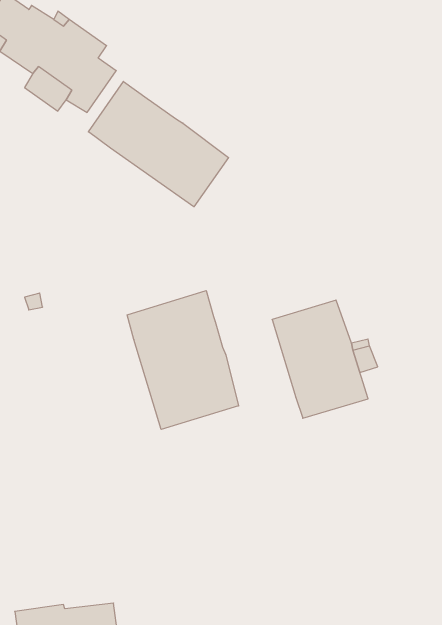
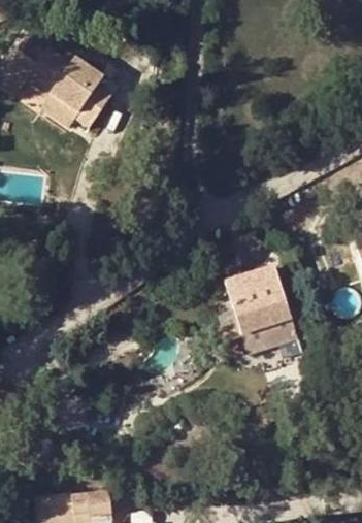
building: [88,81,229,207] -> none
building: [127,291,239,429] -> none

